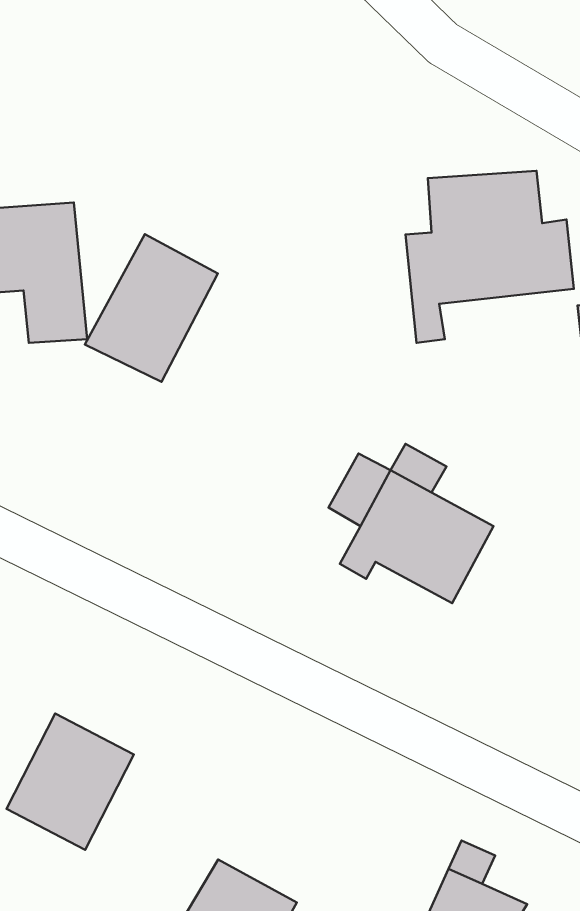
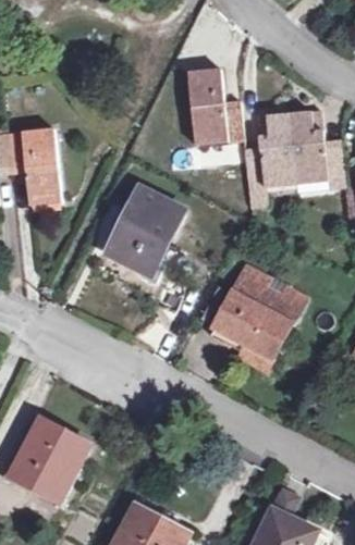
building: none -> [191,63,243,141]
building: [85,234,218,382] -> [108,181,185,267]

